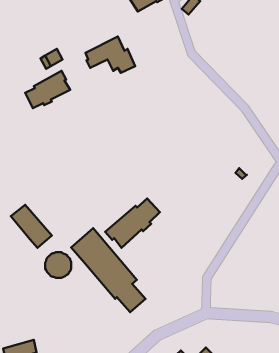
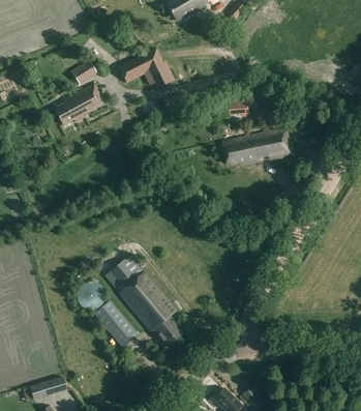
building: none -> [221,130,291,165]
building: [105,198,160,248] -> none
building: [11,205,52,248] -> [94,301,139,348]

